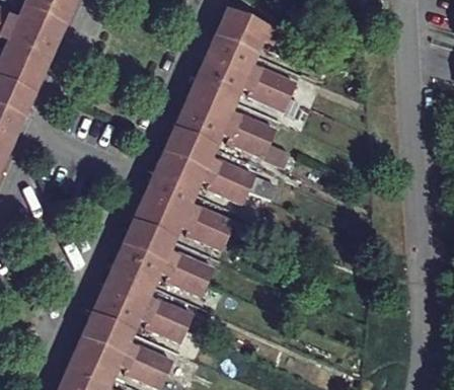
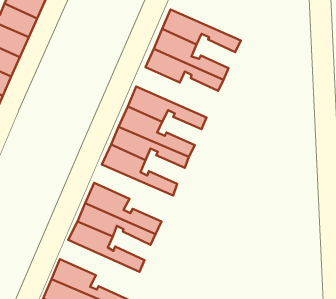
building: [183,82,275,143] -> none
building: [133,200,228,250] -> none
building: [91,291,187,342] -> none

